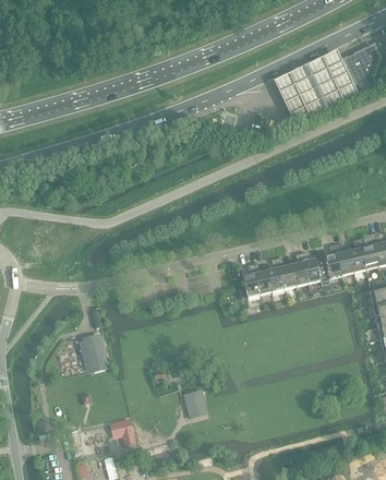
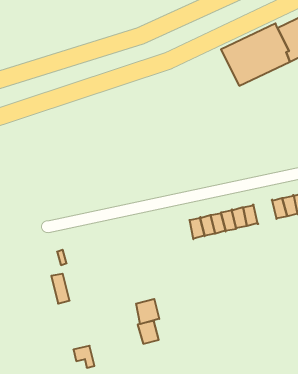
building: [314,252,340,278] -> none
building: none -> [136,299,159,324]

